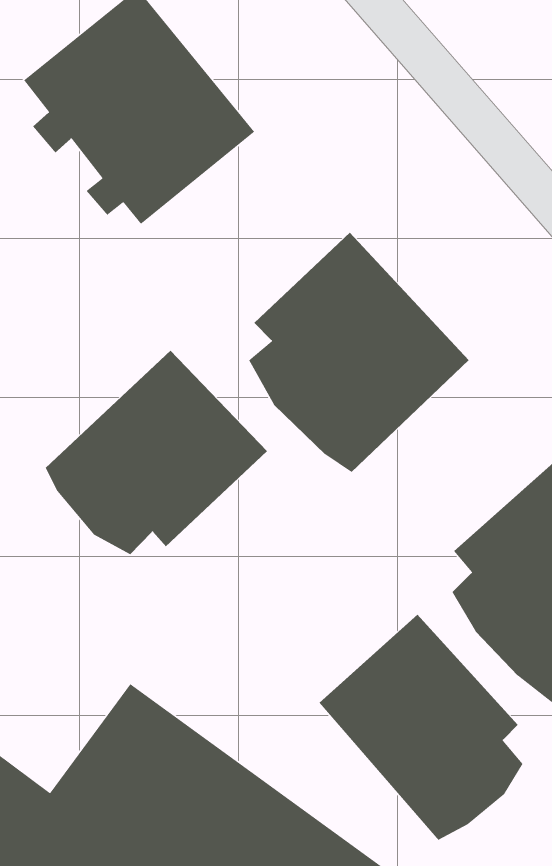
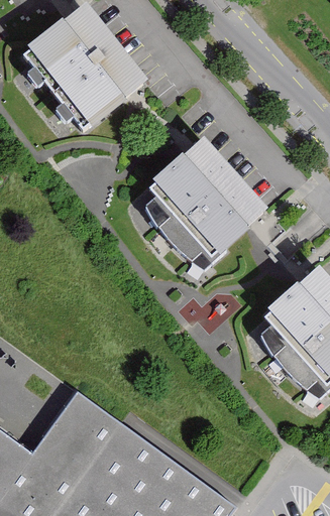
building: [45,350,268,555] -> none
building: [319,614,523,841] -> none

